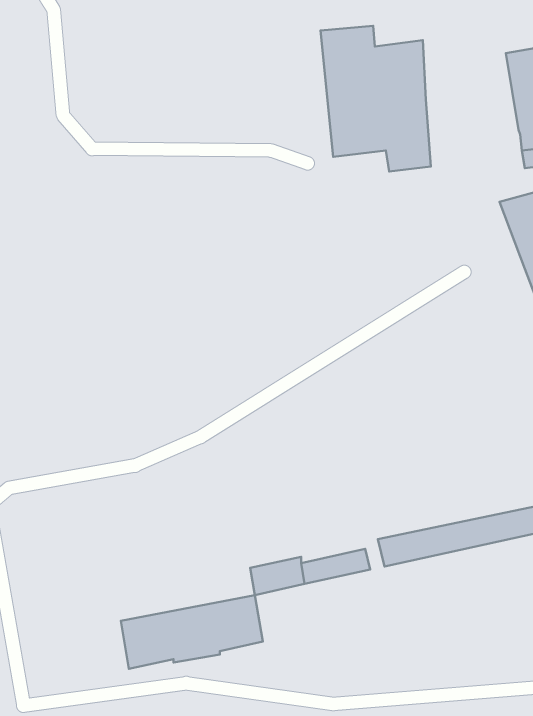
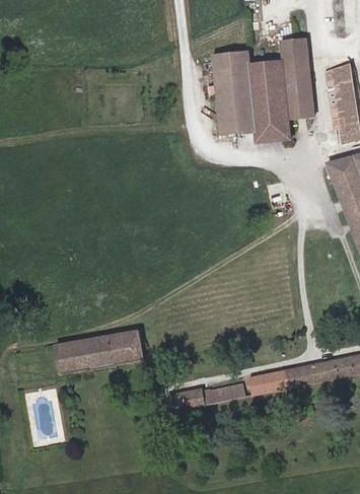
building: none -> [281,39,313,118]
building: [121,595,263,669] -> [55,329,145,375]

